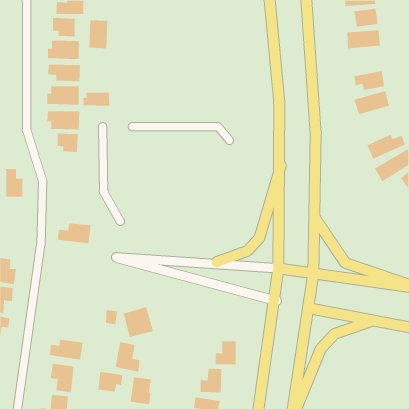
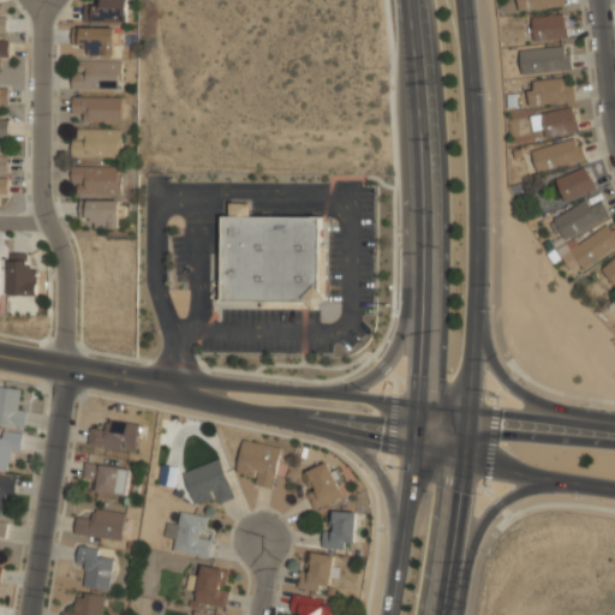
building: [89,20,108,49] -> none
building: none -> [525,76,573,106]
building: [83,92,110,107] -> none
building: none -> [555,167,595,201]
building: none -> [221,217,327,311]
building: [57,223,91,244] -> [86,419,138,450]
building: none -> [235,441,279,489]
building: none -> [82,461,127,495]
building: none -> [305,461,342,508]
building: [98,371,123,392] -> none

